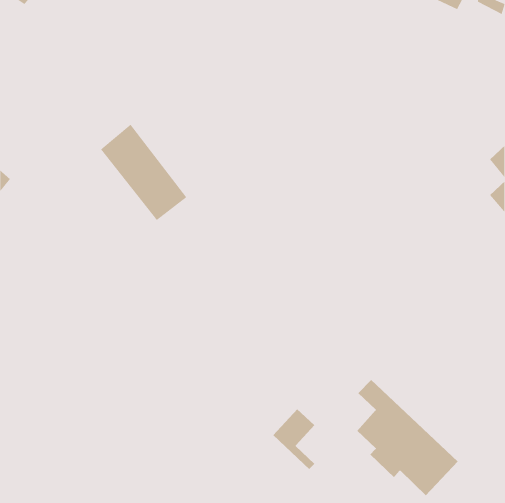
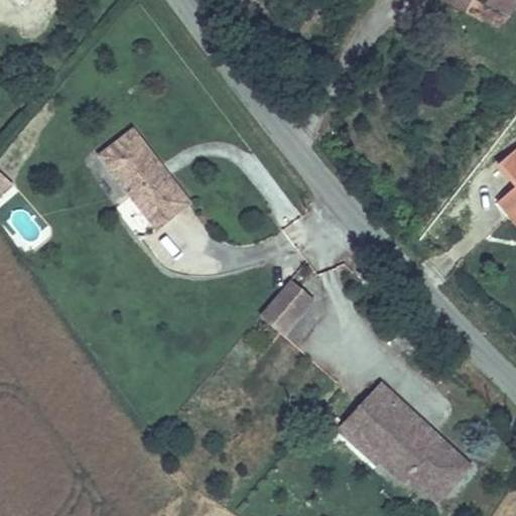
building: none -> [265,277,313,328]
building: [272,408,315,470] -> [339,400,382,463]

